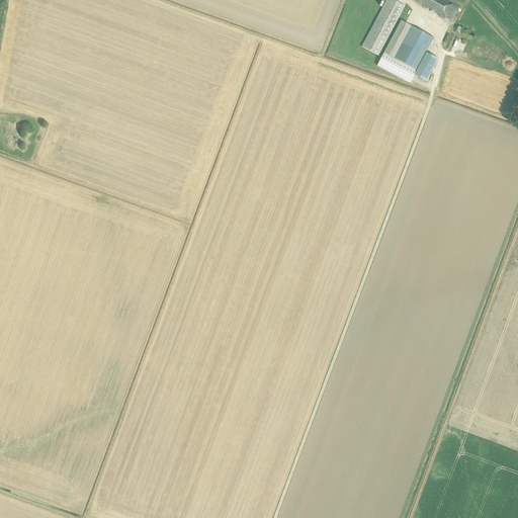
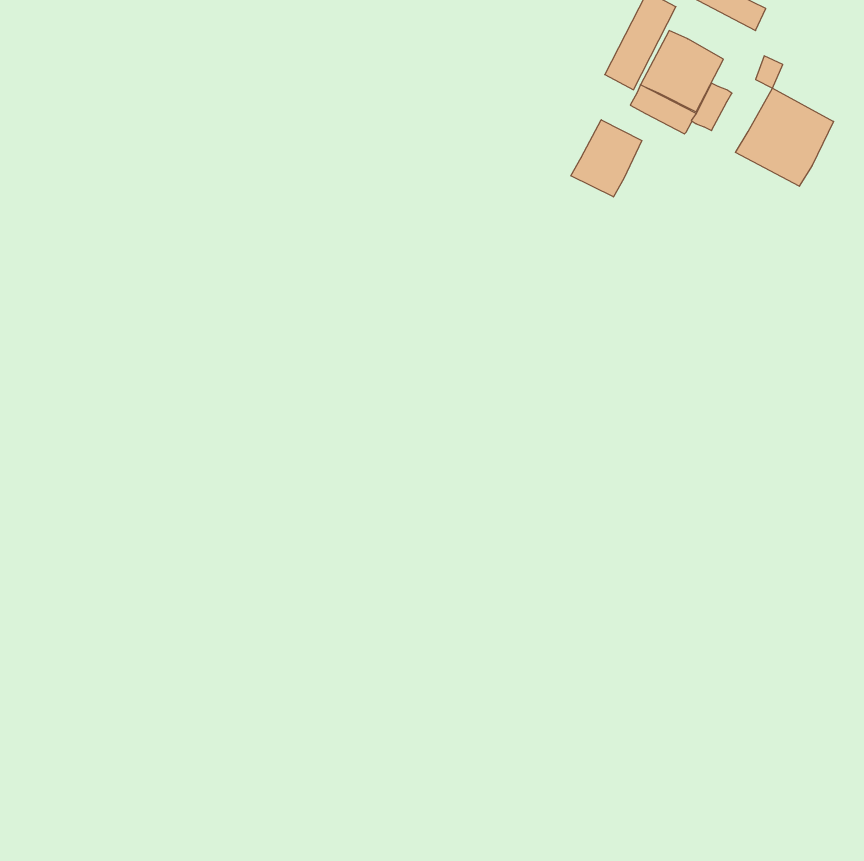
building: none -> [735,88,834,186]
building: none -> [571,120,642,197]

